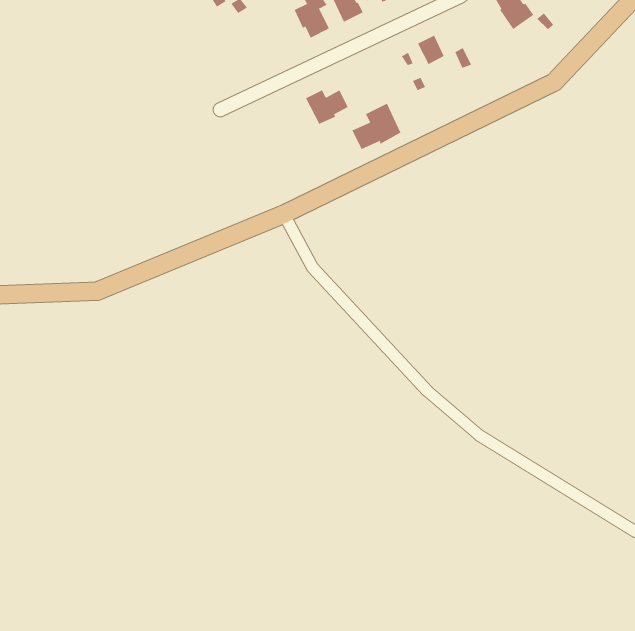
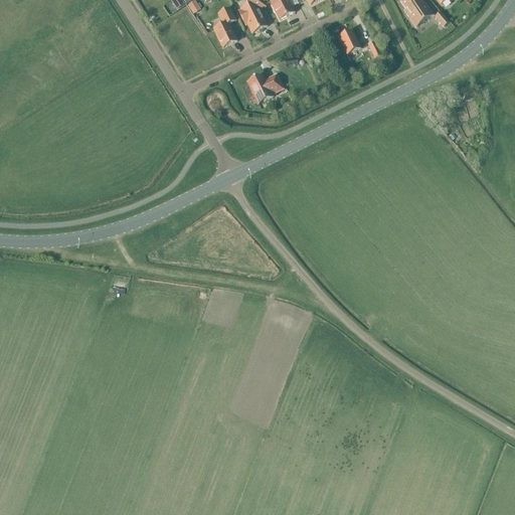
building: none -> [212,6,236,45]
building: [352,103,401,150] -> none

